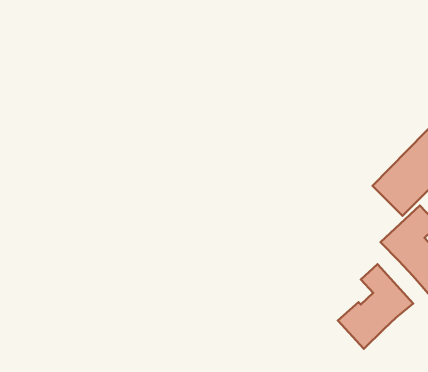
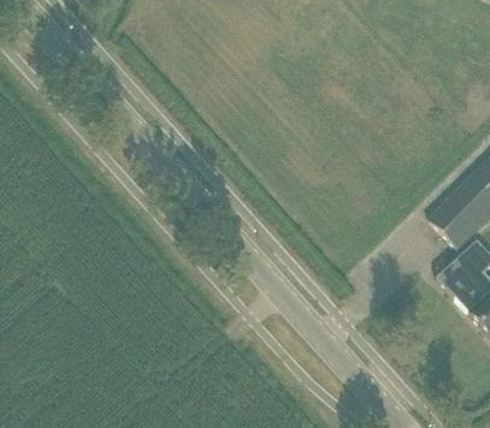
building: [338,264,413,349] -> none

